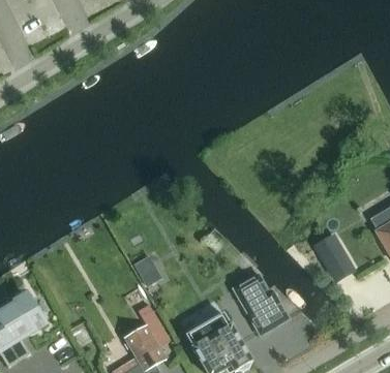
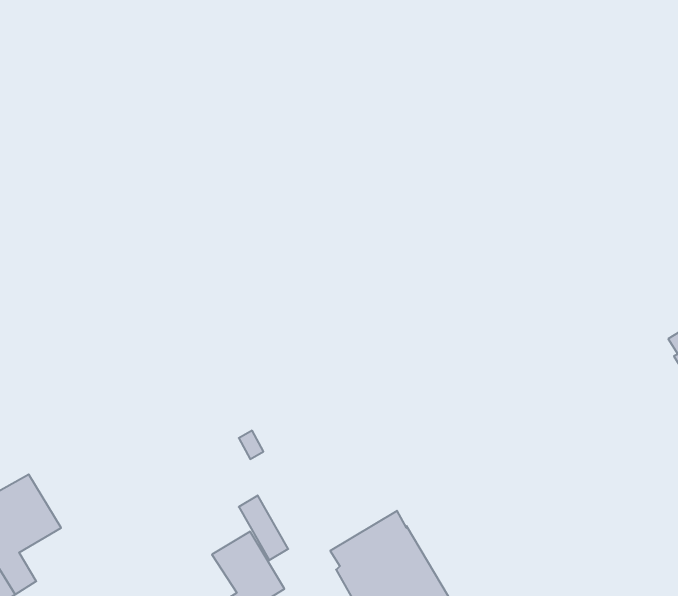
building: [313,232,350,275] -> none
building: [232,269,291,335] -> none

